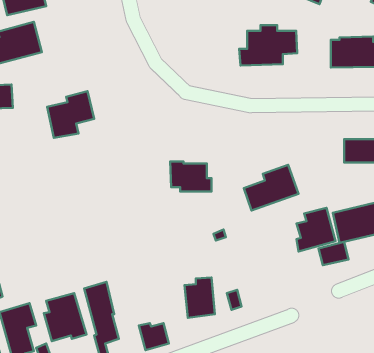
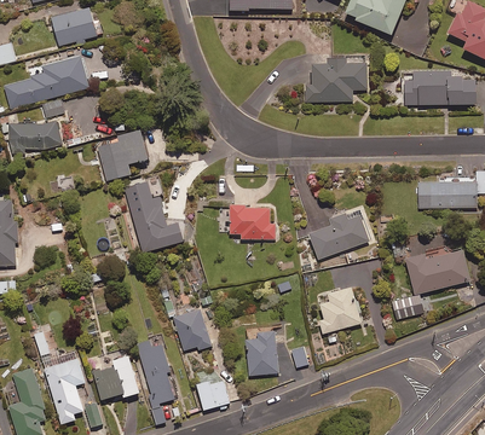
building: none -> [125,175,184,251]
building: [296,208,335,251] -> [319,286,362,334]
building: none -> [173,308,212,349]

